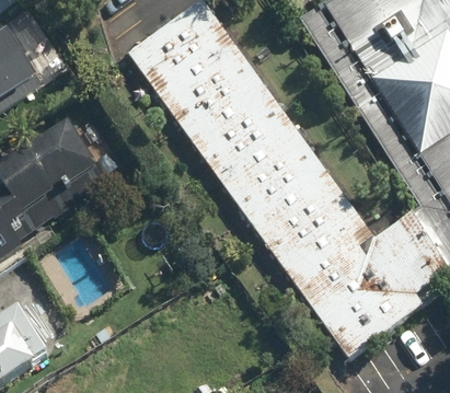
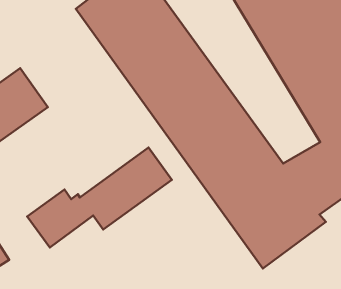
building: none -> [27,148,172,248]

